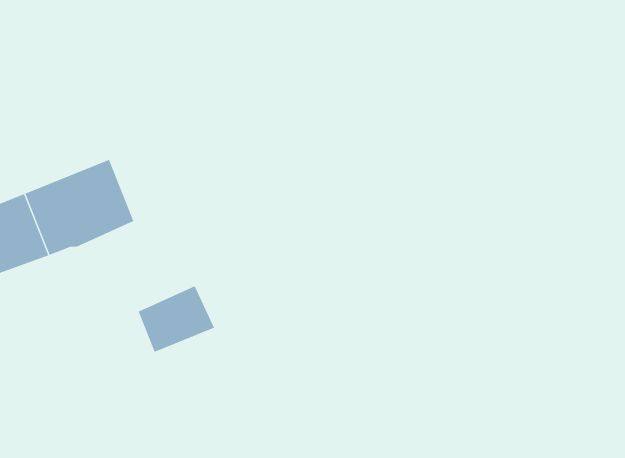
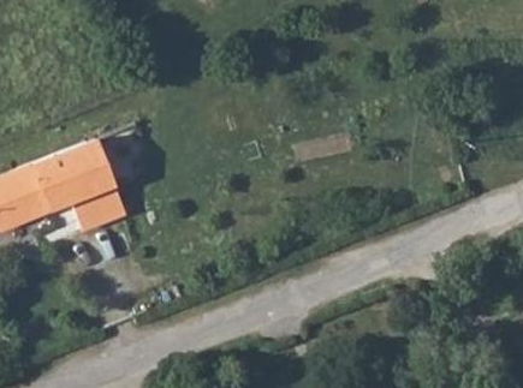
building: [138,285,215,352] -> [71,183,127,232]

